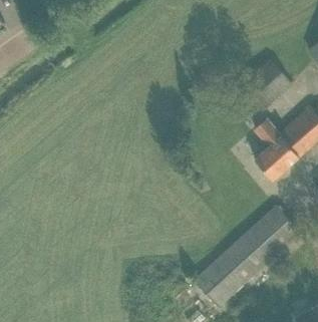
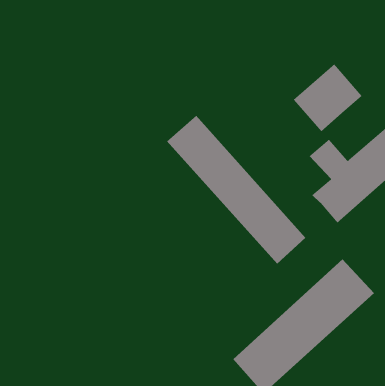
building: none -> [166,115,306,265]

